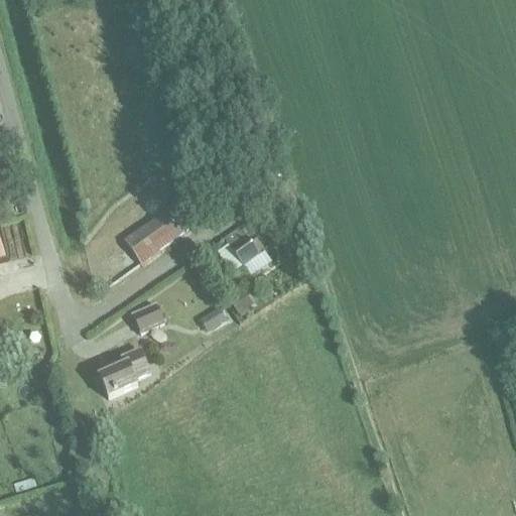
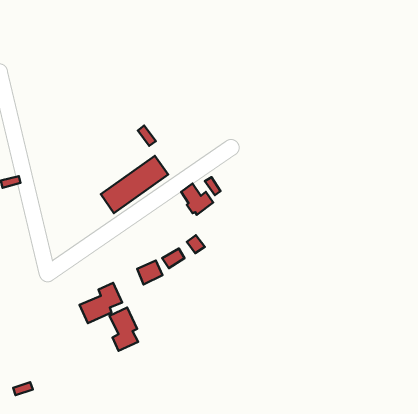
building: [132,303,163,333] -> [137,261,162,284]
building: none -> [109,308,138,351]

